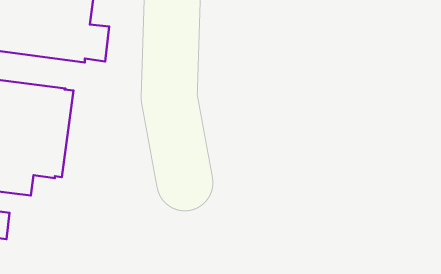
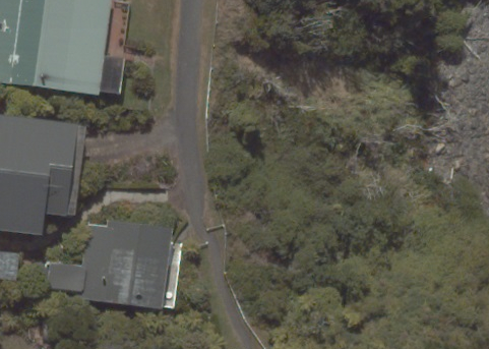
building: none -> [45,219,181,311]

